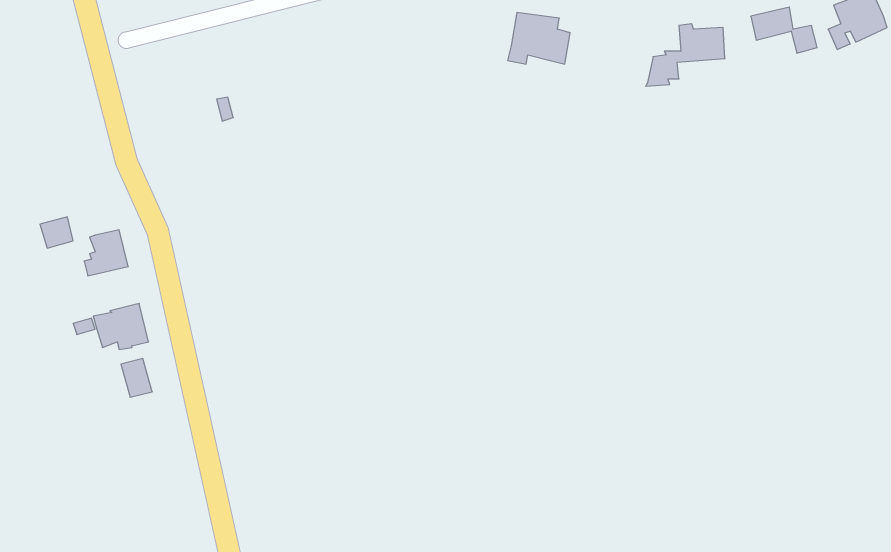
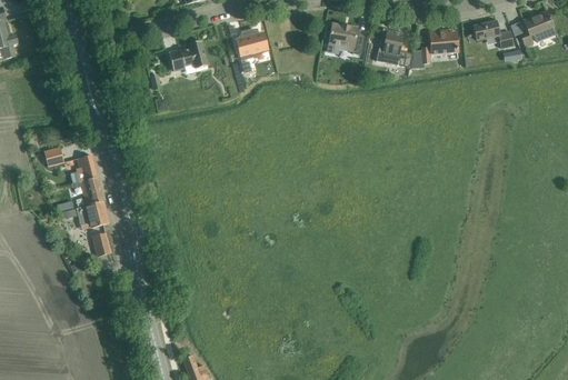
building: none -> [236,28,267,59]
building: none -> [376,28,412,68]
building: none -> [168,40,207,70]
building: none -> [70,177,103,203]

